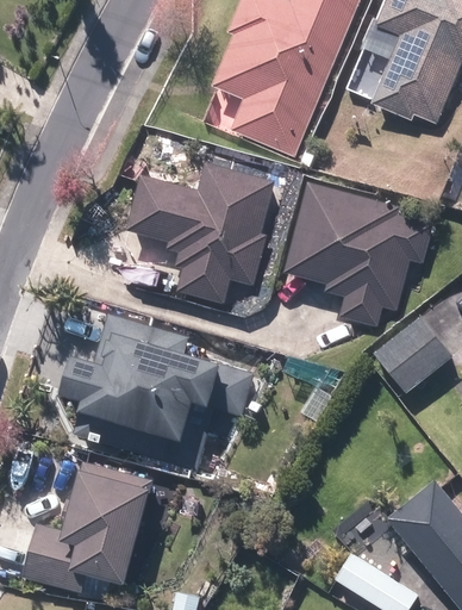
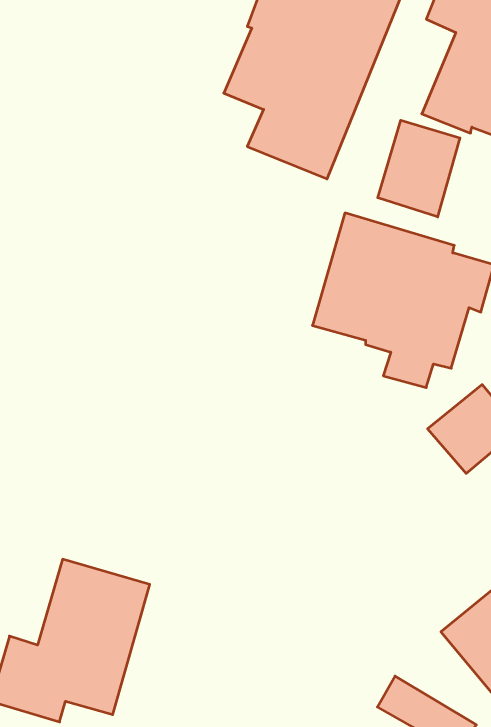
building: none -> [378,120,460,217]
building: [126,163,271,299] -> none
building: [61,316,251,468] -> none

